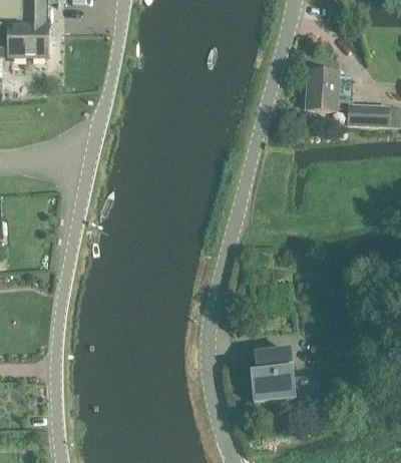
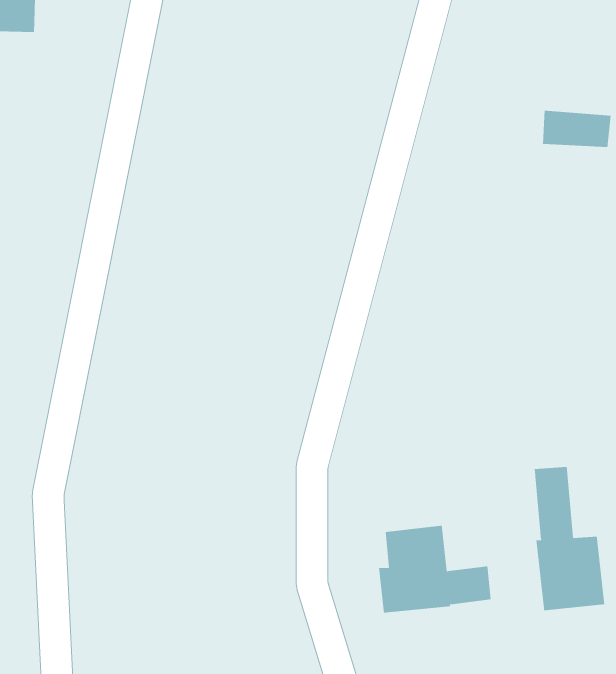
building: [306,69,352,110] -> none
building: none -> [534,466,605,611]

